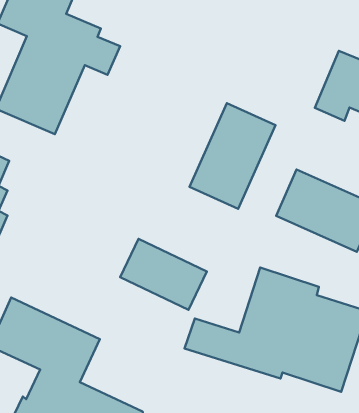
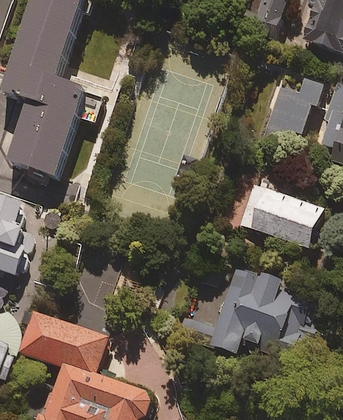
building: [190,103,275,209] -> none
building: [120,239,207,310] -> none

